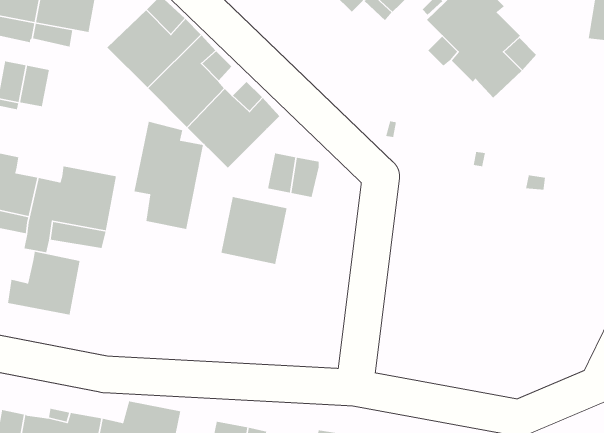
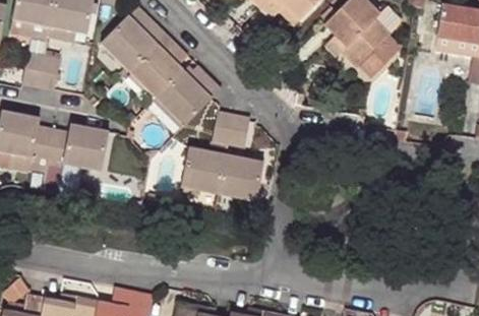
building: [133,121,204,230] -> none
building: none -> [219,154,264,201]
building: [7,251,81,315] -> none

